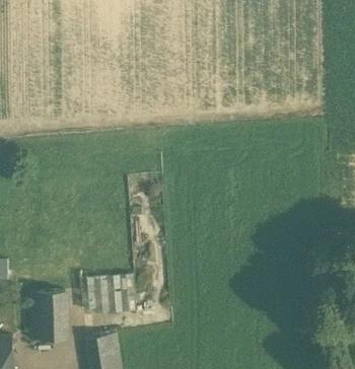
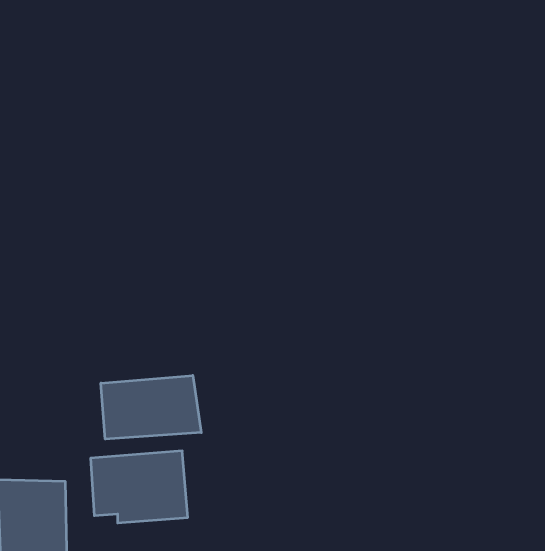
building: none -> [101,375,201,439]

